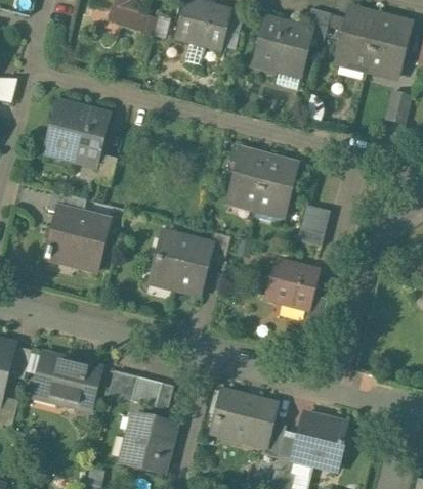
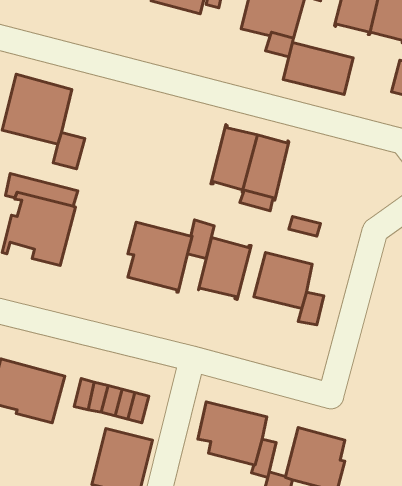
building: none -> [283,43,353,95]
building: [299,204,330,233] -> none
building: none -> [199,238,251,300]

